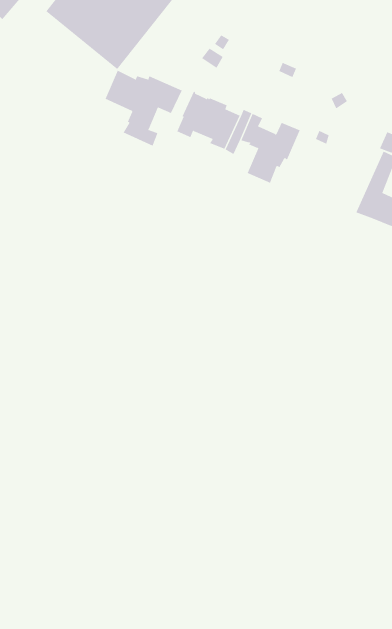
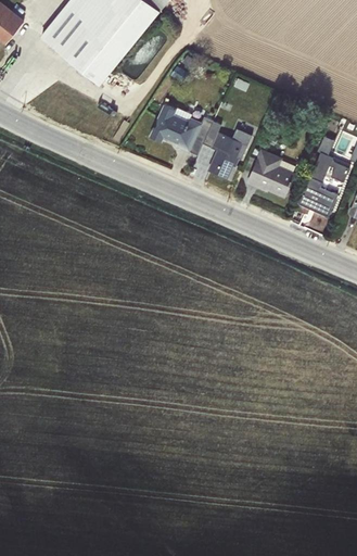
building: [105,70,182,146] -> none
building: none -> [246,149,296,198]

